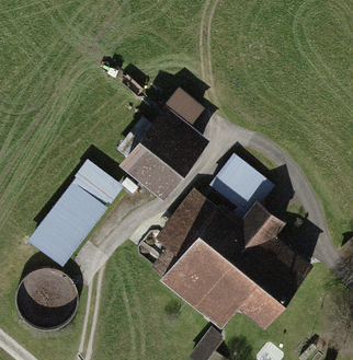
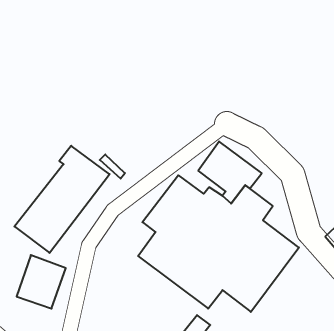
building: [115,89,206,198] -> none

